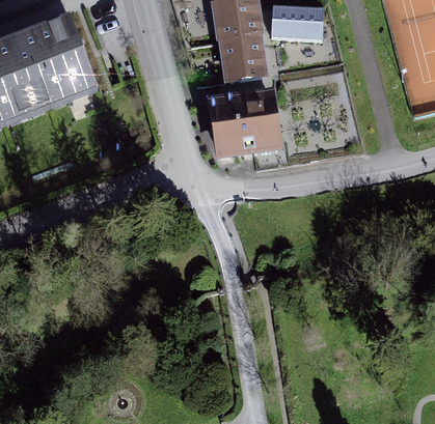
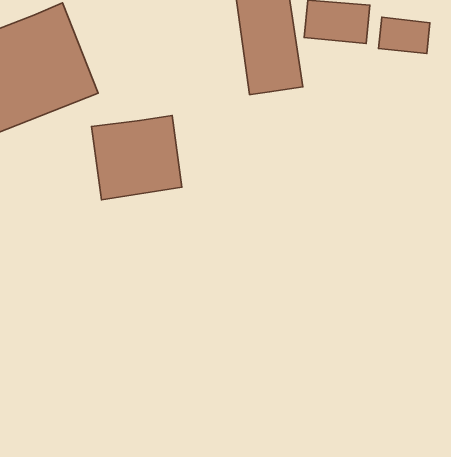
building: none -> [378,17,430,53]
building: [207,92,282,163] -> [91,115,182,200]

